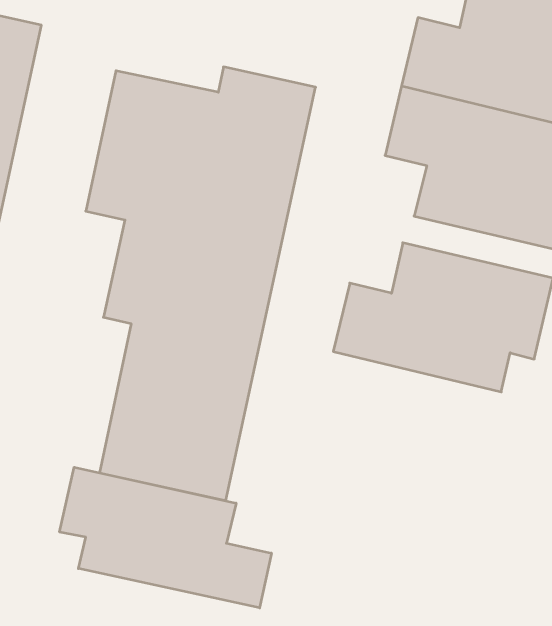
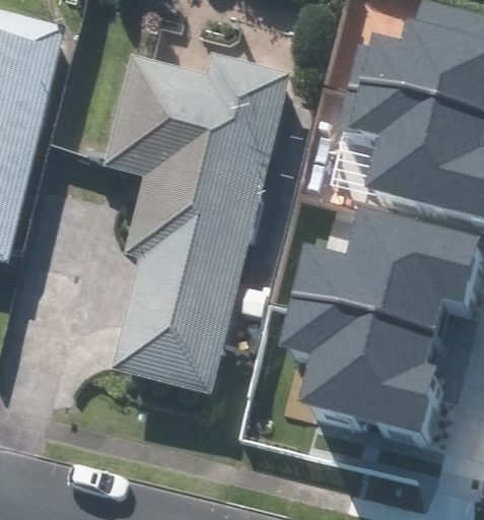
building: none -> [285,288,444,421]
building: [60,467,271,608] -> none

